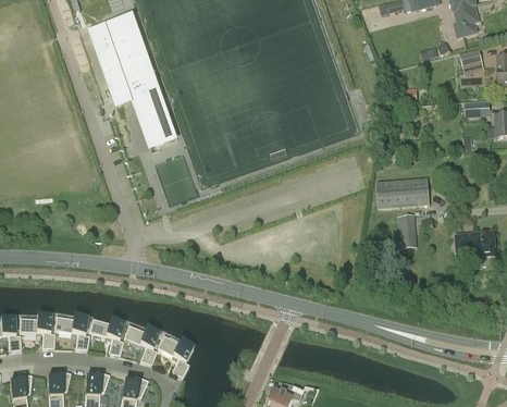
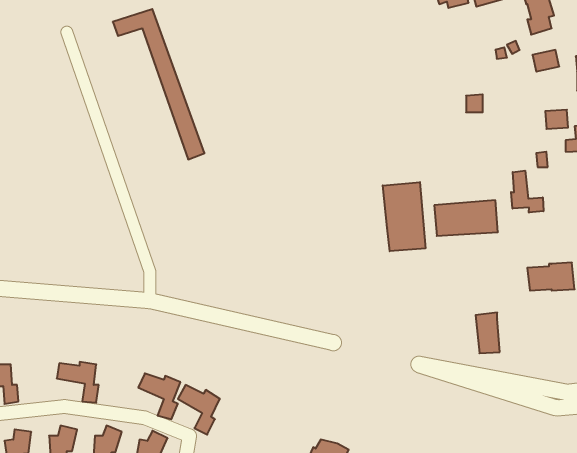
building: [88,25,164,148] -> none
building: none -> [511,171,543,213]
building: none -> [383,182,425,251]
building: [395,213,416,248] -> [476,313,500,353]
building: [17,314,53,348] -> none
building: [87,319,123,356] -> none

